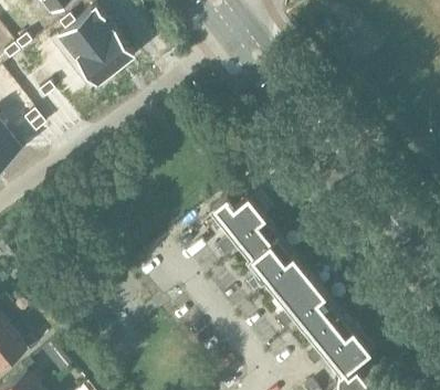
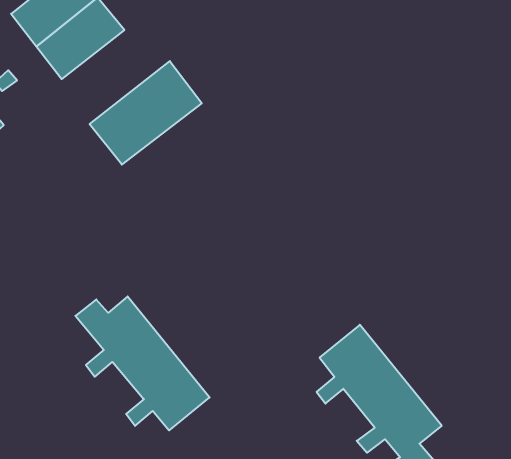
building: none -> [90,61,202,165]
building: [210,199,310,298] -> [75,296,210,430]

